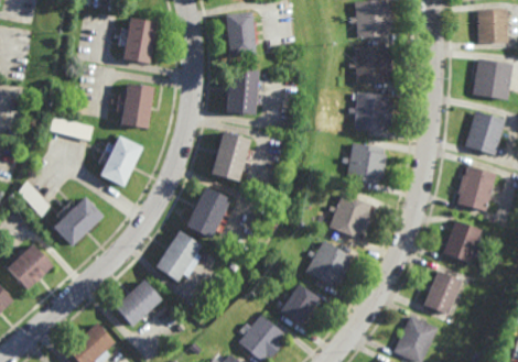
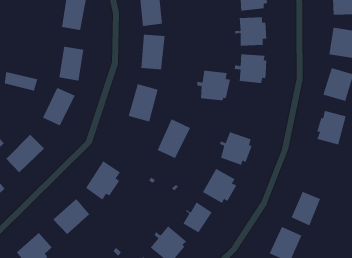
building: [342,143,386,183] -> [197,70,231,101]
building: [186,187,230,239] -> [157,119,191,159]
building: [441,220,479,263] -> none

